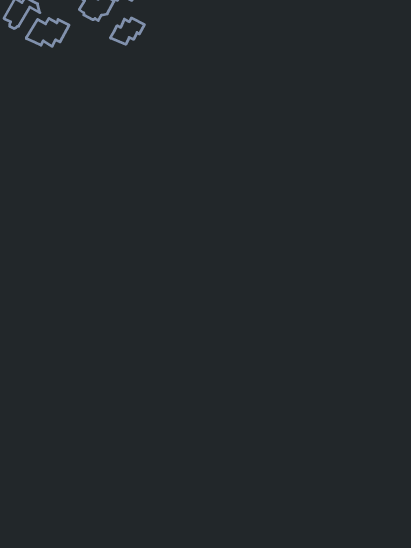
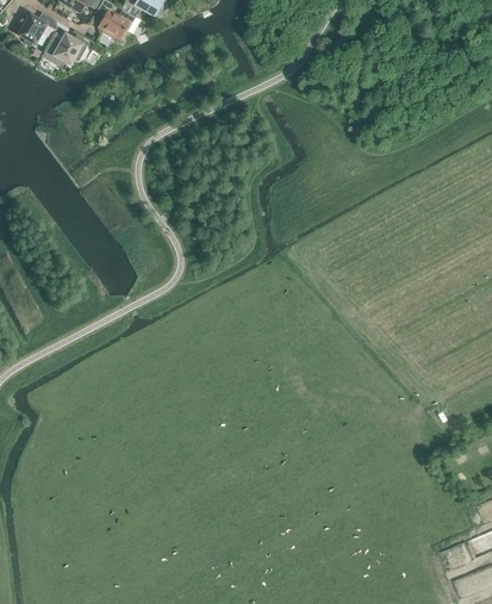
building: [110,18,144,44] -> none

